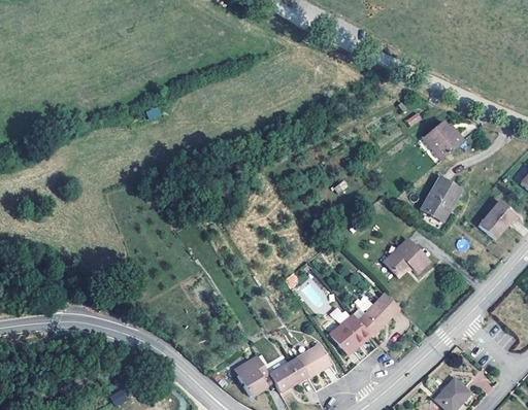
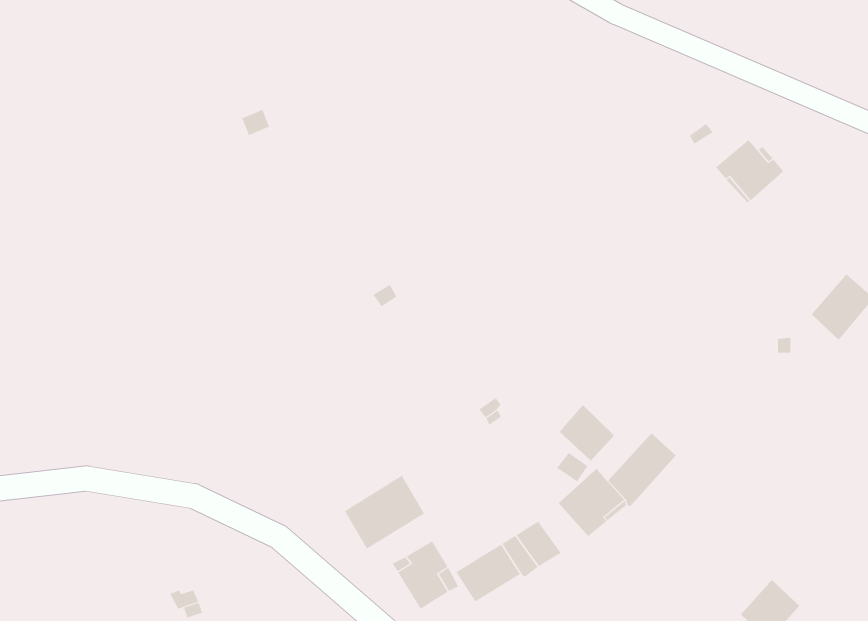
building: [422,176,461,220] -> none
building: [385,239,429,276] -> none
building: none -> [559,404,615,462]
building: none -> [344,475,425,550]

